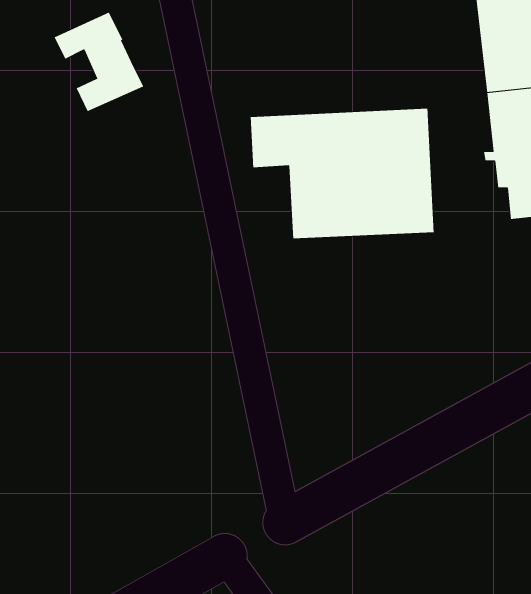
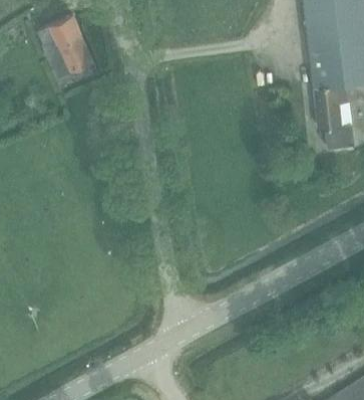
building: [250,108,434,239] -> none

